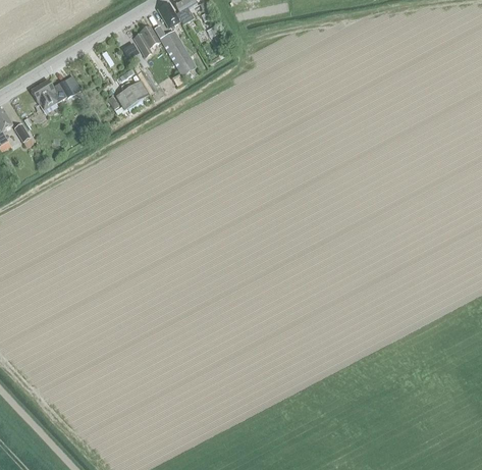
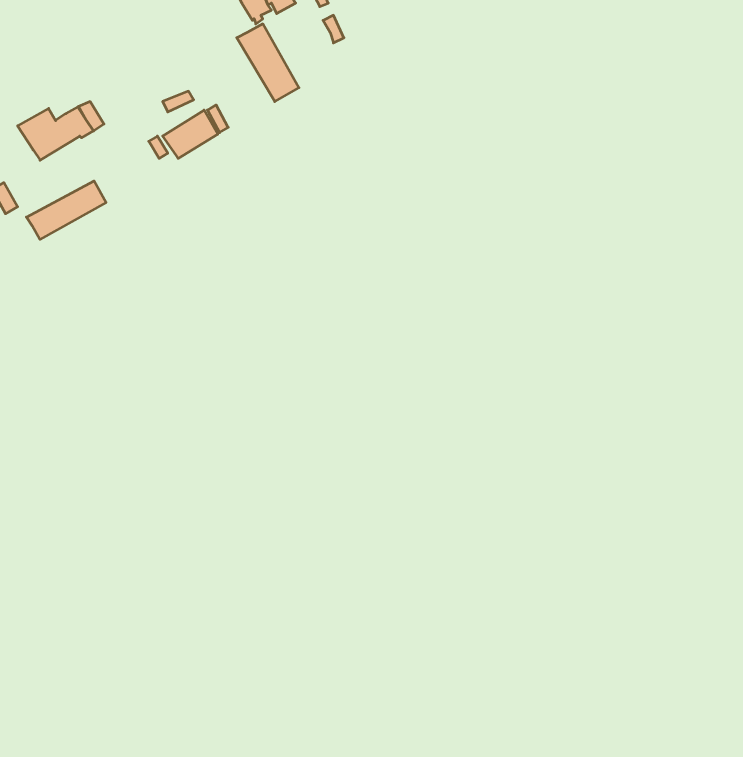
building: [133,25,159,56] -> none
building: none -> [26,181,106,239]

